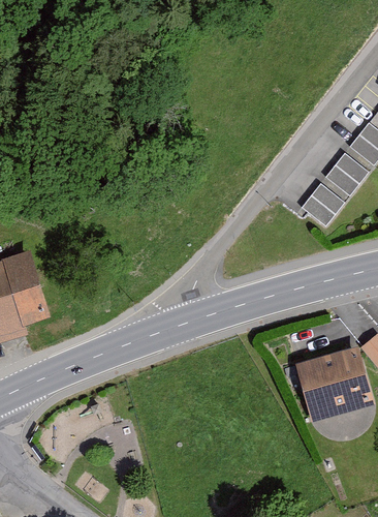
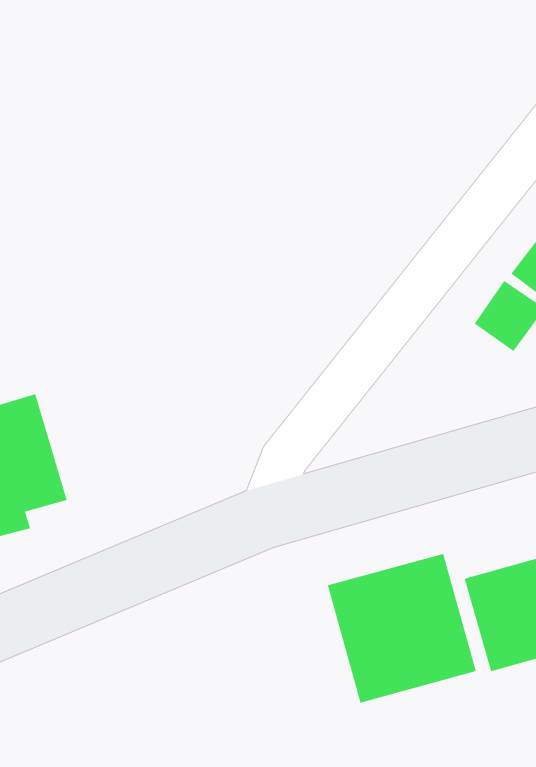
building: none -> [327,553,477,703]

